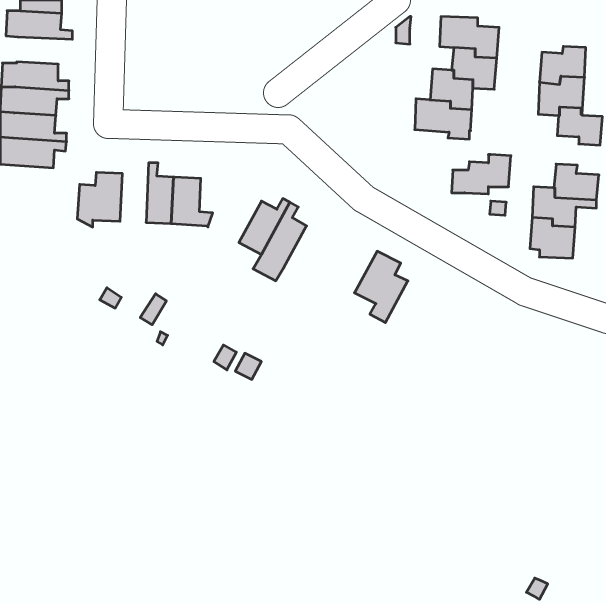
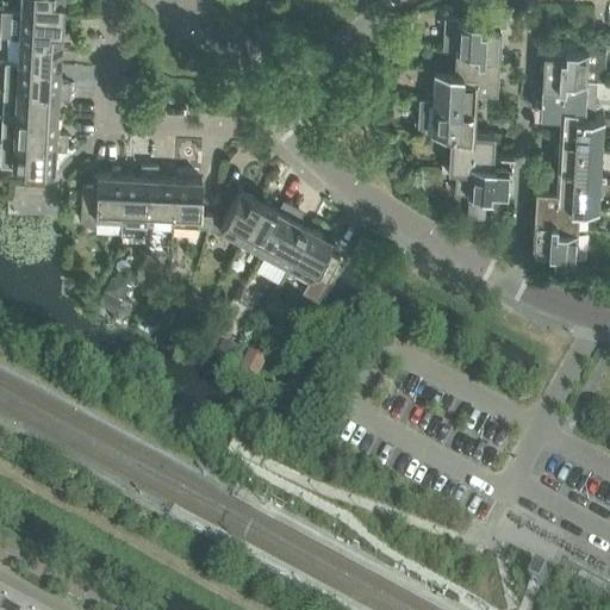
building: none -> [18,42,74,69]
building: none -> [441,136,494,175]
building: none -> [559,141,603,180]
building: none -> [122,168,150,239]
building: none -> [210,193,263,248]
building: [354,251,408,323] -> [286,231,340,303]

